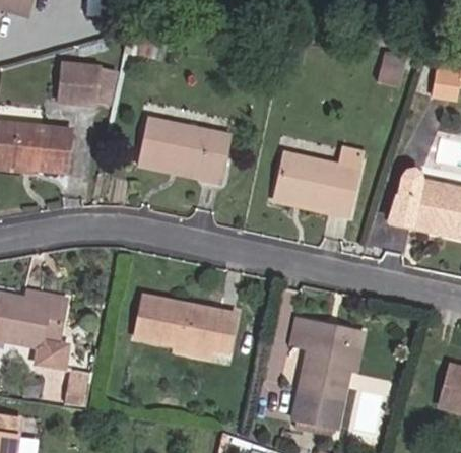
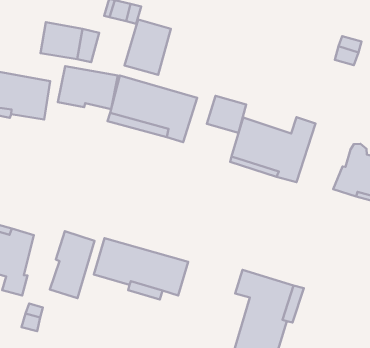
building: none -> [125,20,171,75]
building: none -> [58,66,118,109]
building: none -> [207,96,246,133]
building: none -> [50,231,95,298]

